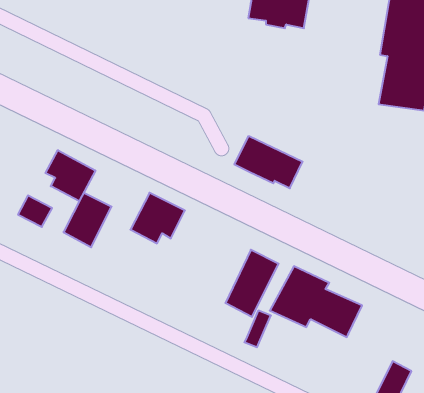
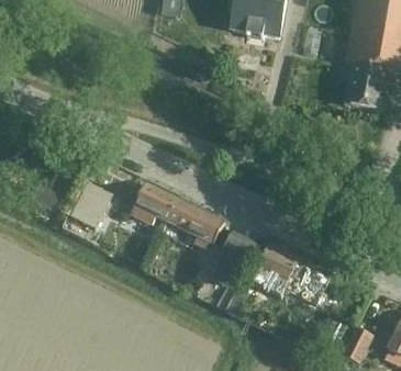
building: [234,136,303,188] -> [164,195,223,240]
building: [45,150,95,201] -> none

